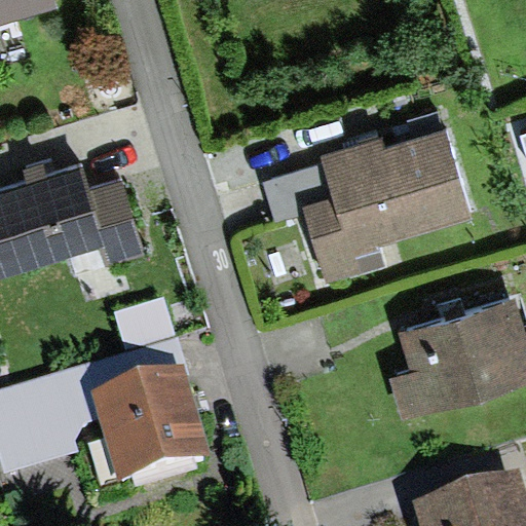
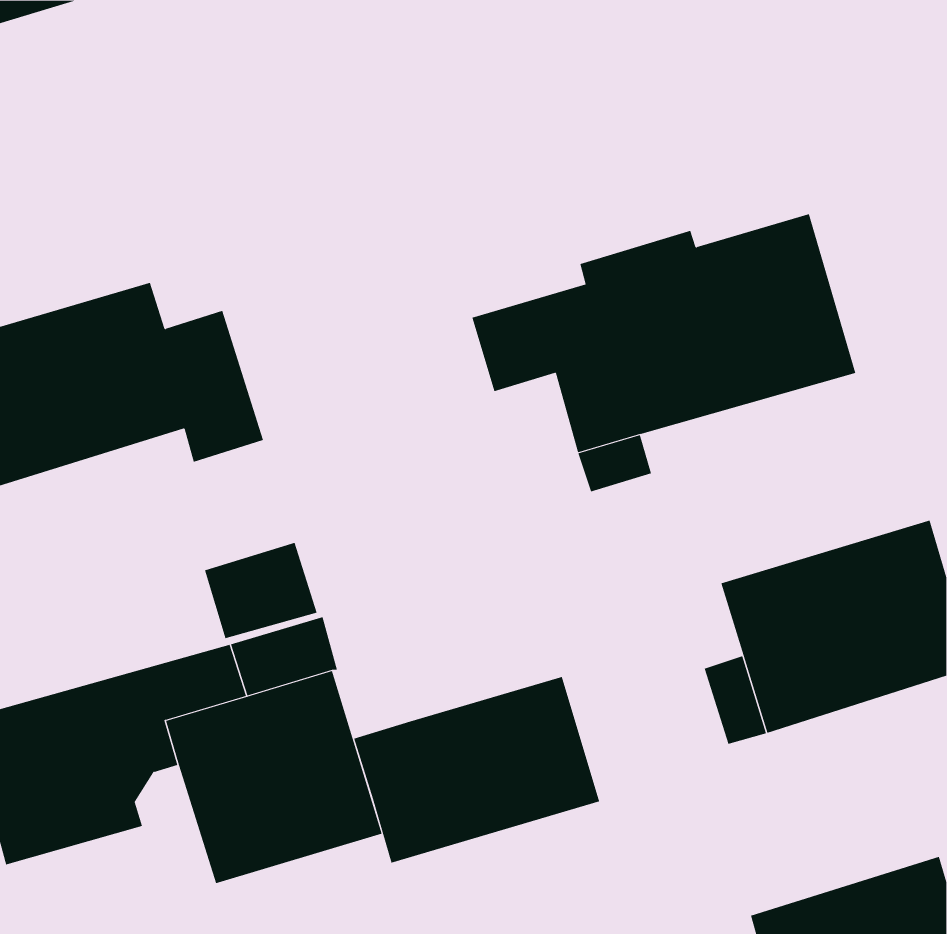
building: none -> [354,676,600,864]

